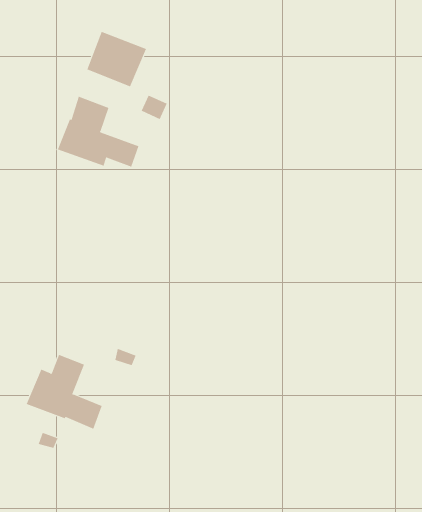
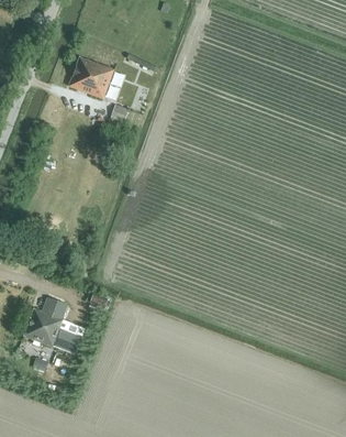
building: [57,96,139,167] -> none

